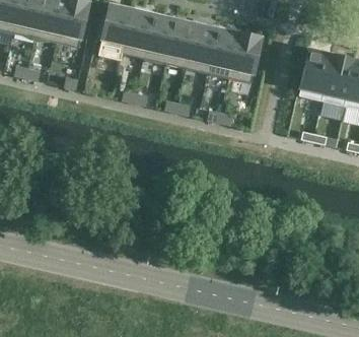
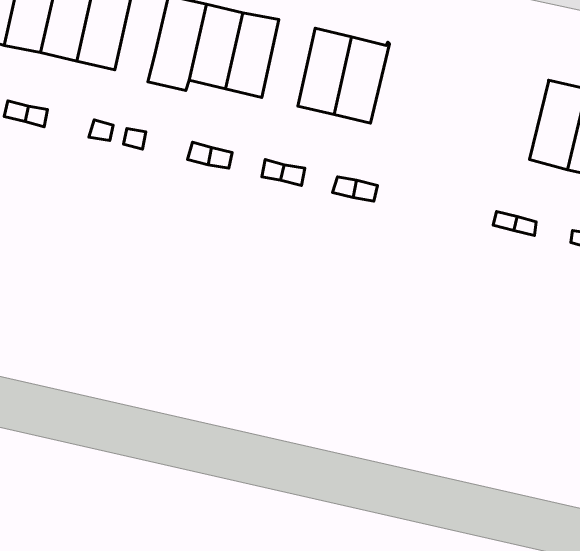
building: [165,18,197,69] -> none
building: [229,32,262,84] -> none
building: [299,49,334,100] -> none

